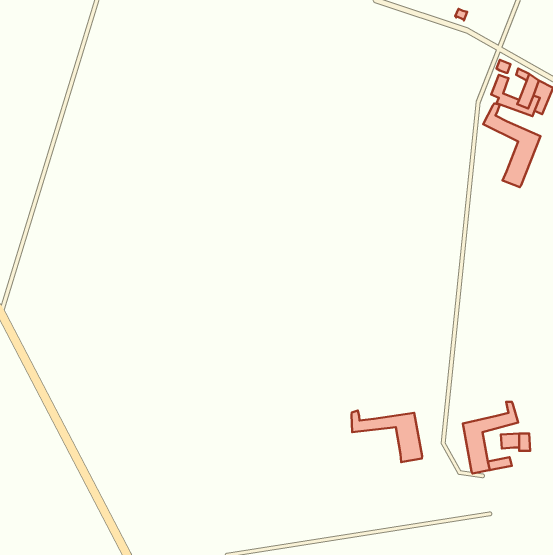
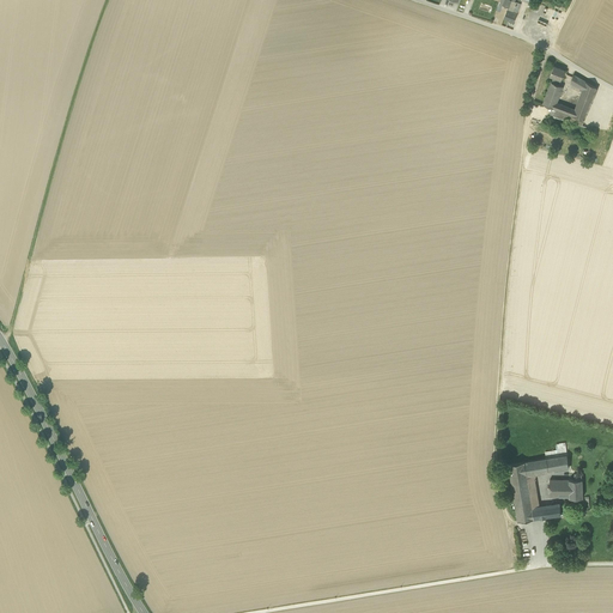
building: [483,103,540,187] -> none
building: [351,410,422,462] -> none

